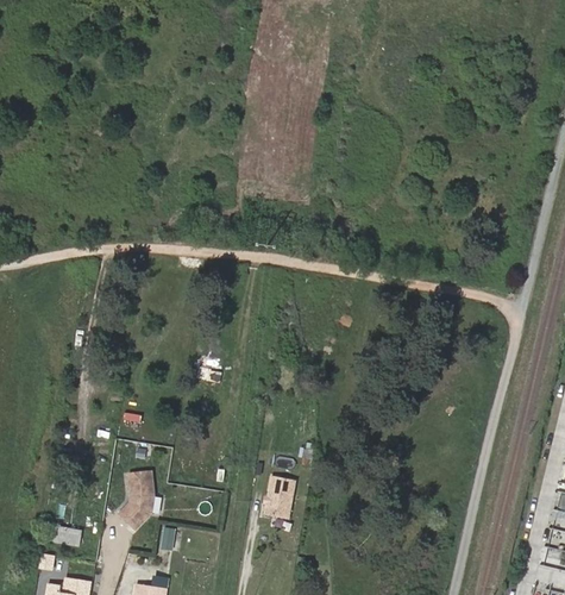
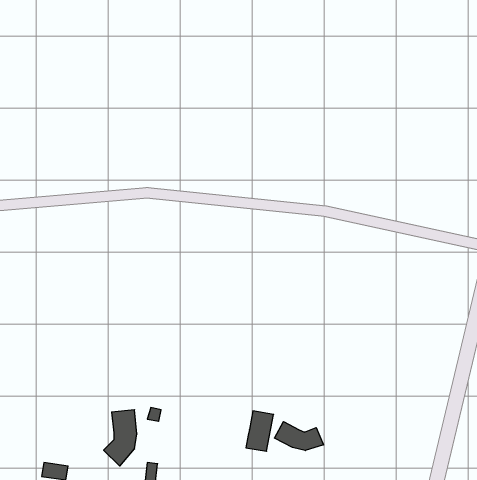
building: none -> [274,422,324,451]

